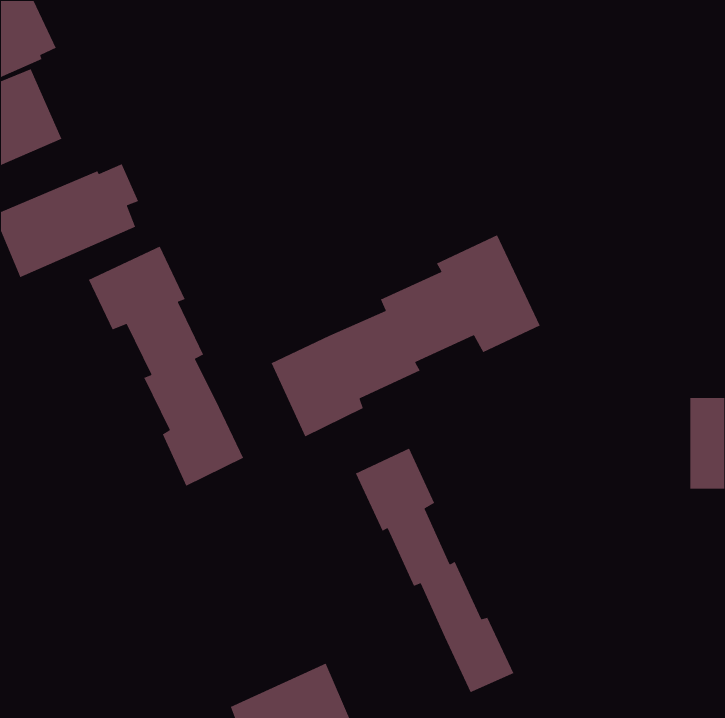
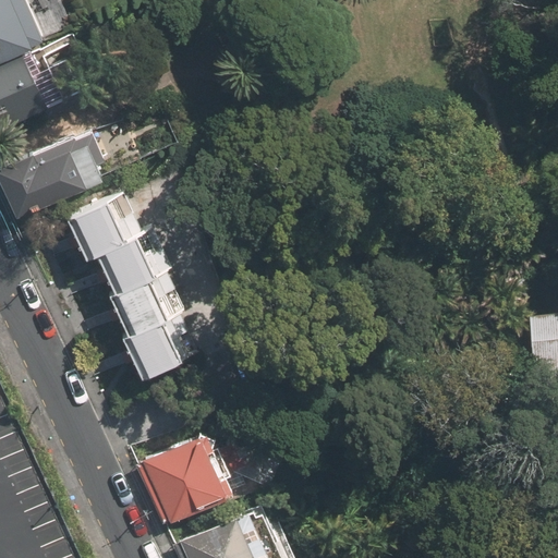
building: [271,234,541,437] -> none
building: [355,448,515,693] -> none
building: none -> [137,427,245,525]

